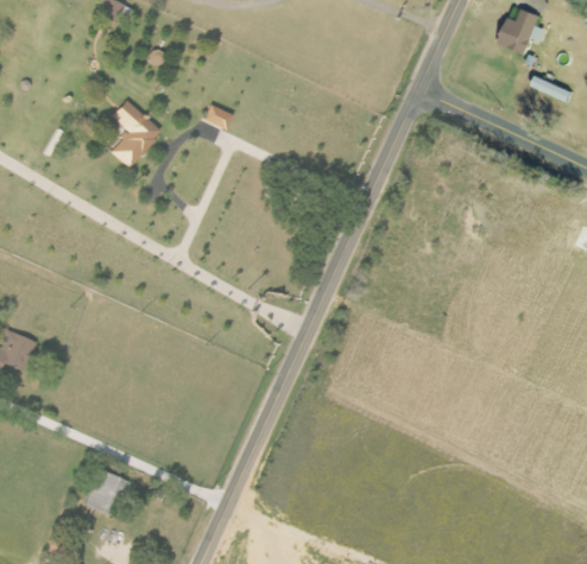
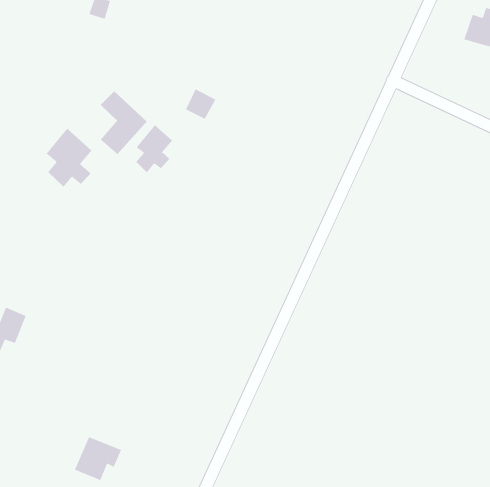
building: none -> [136,124,173,173]
building: none -> [46,128,92,188]

